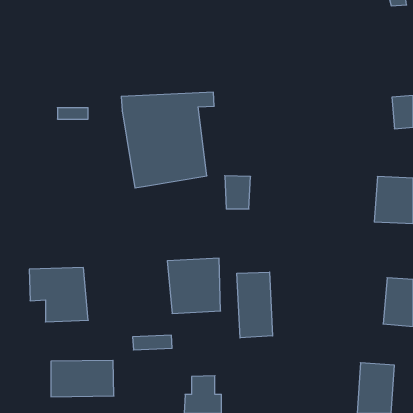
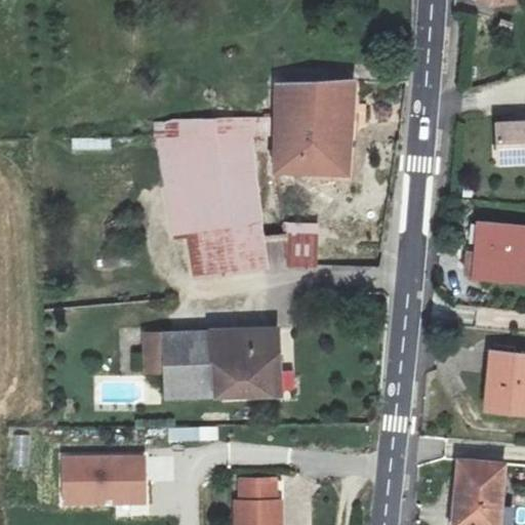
building: none -> [274,81,357,175]
building: none -> [185,223,268,282]
building: [29,268,88,322] -> [144,330,218,399]
building: [237,272,273,338] -> none

